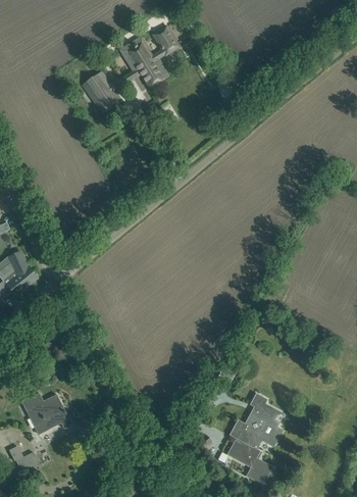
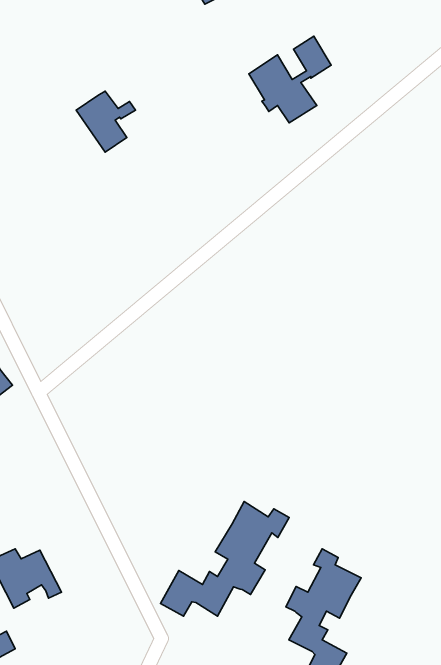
building: [121,26,180,87] -> [249,36,331,123]
building: none -> [161,502,289,616]

